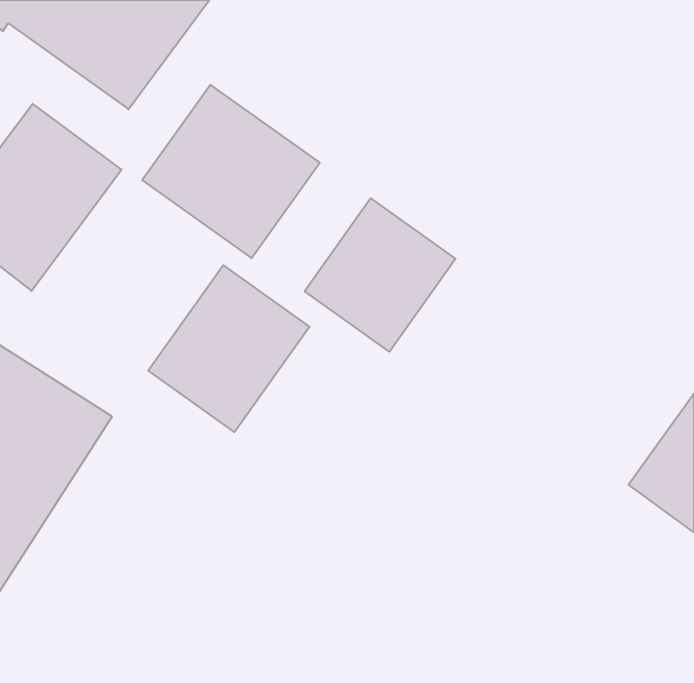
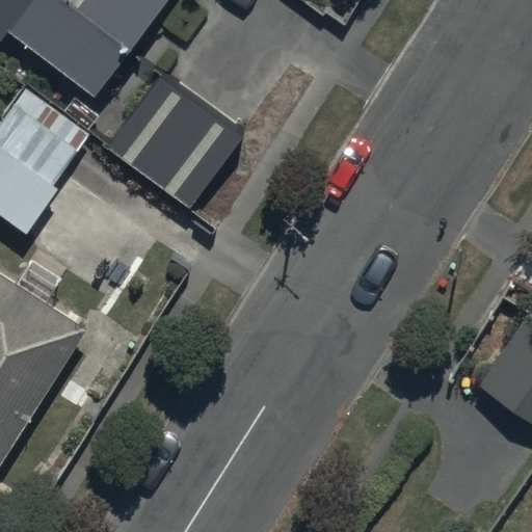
building: [305,198,456,352] -> none
building: [148,265,310,432] -> none

